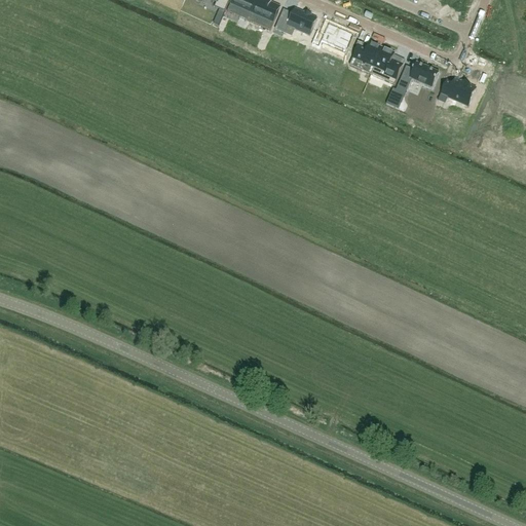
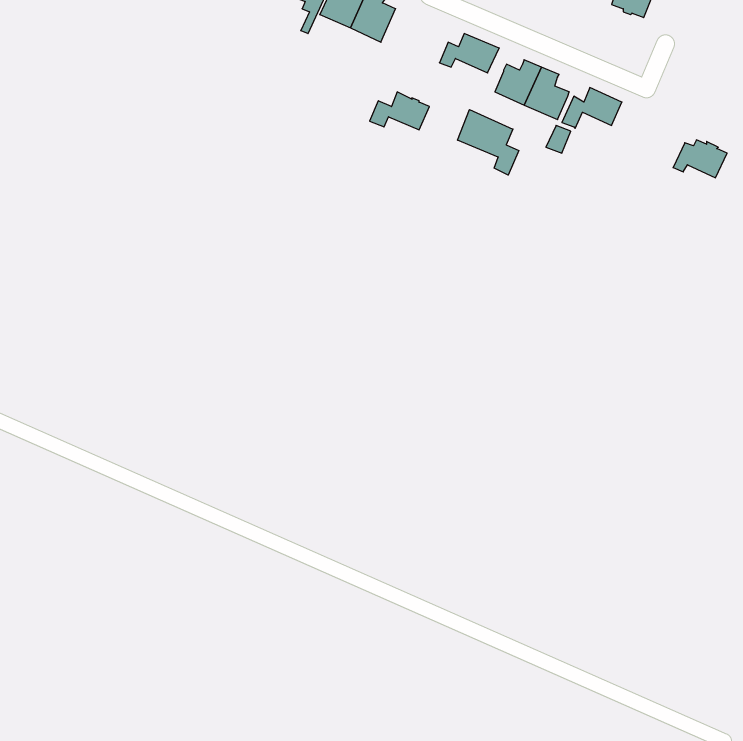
building: [273,8,315,35] -> [370,92,429,130]
building: none -> [458,110,519,175]
building: [437,79,475,106] -> [673,140,727,178]

